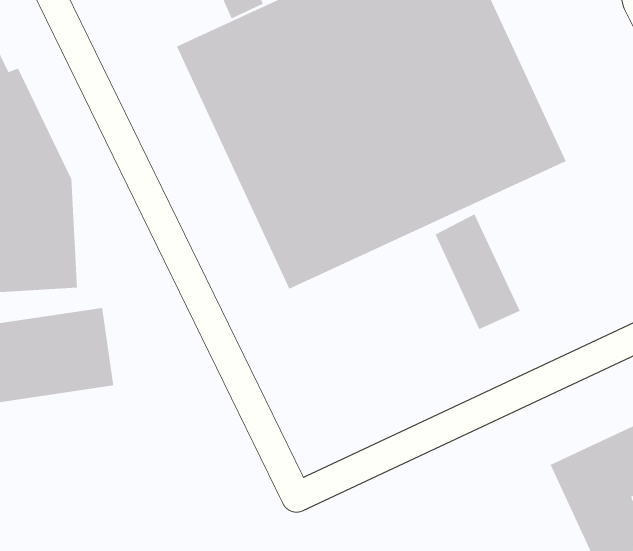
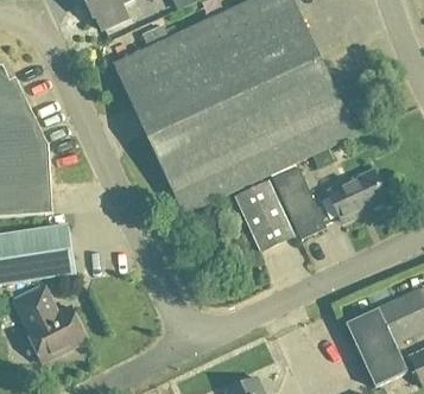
building: none -> [327,169,387,221]
building: none -> [235,180,293,250]
building: none -> [14,286,87,362]

